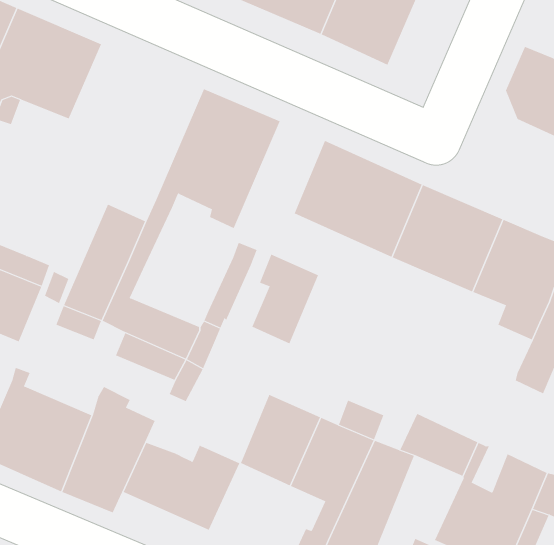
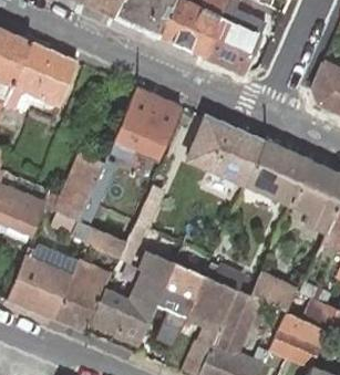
building: [251,254,319,344] -> [135,251,174,303]

